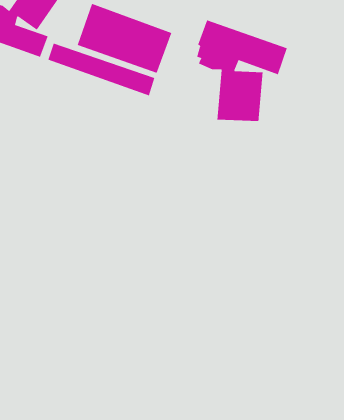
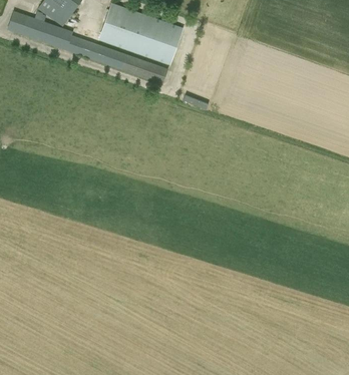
building: [197,19,287,122] -> none

